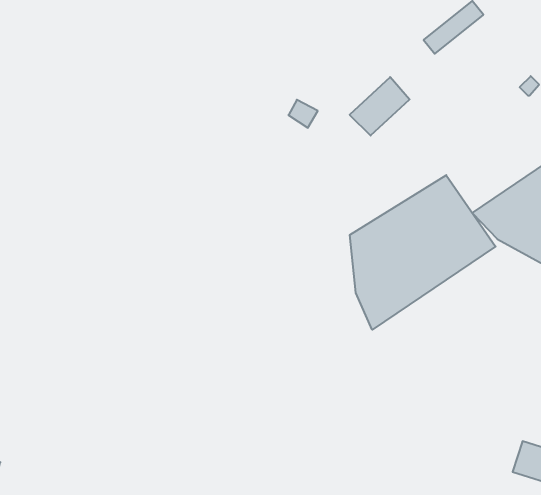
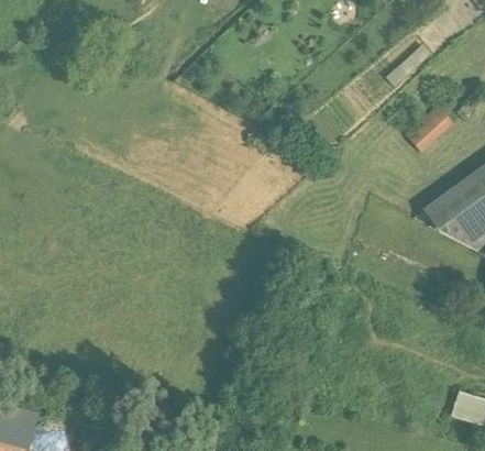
building: [350,77,410,136] -> [406,105,453,151]
building: [350,175,496,330] -> none

